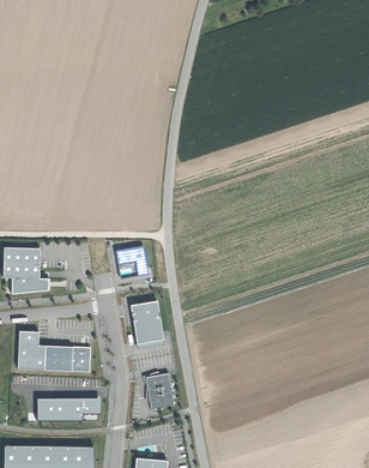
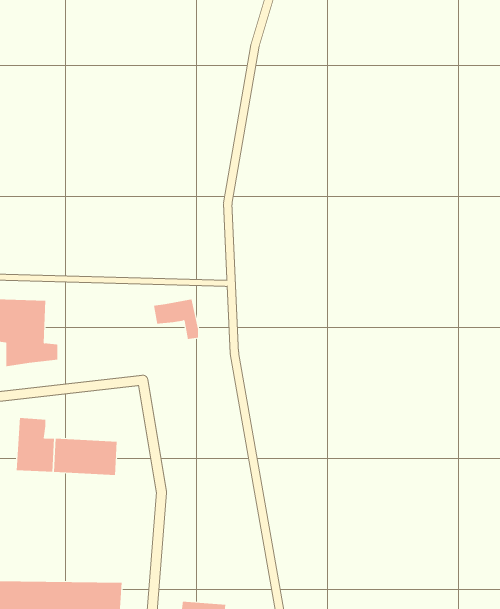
building: [129,300,163,343] -> none
building: [145,372,174,408] -> none
building: [37,397,101,421] -> none

